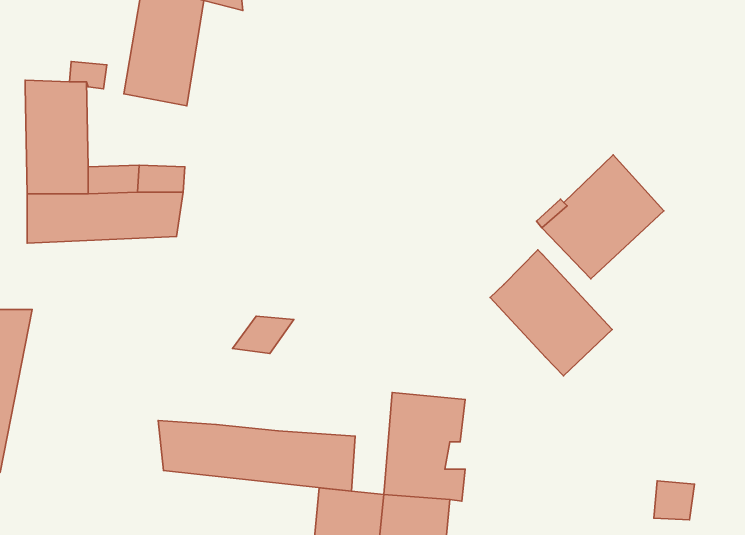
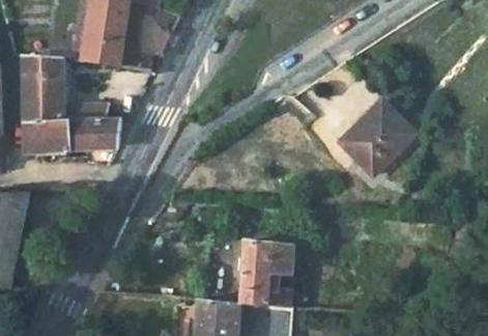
building: [490,250,612,376] -> none
building: [158,421,355,491] -> none

